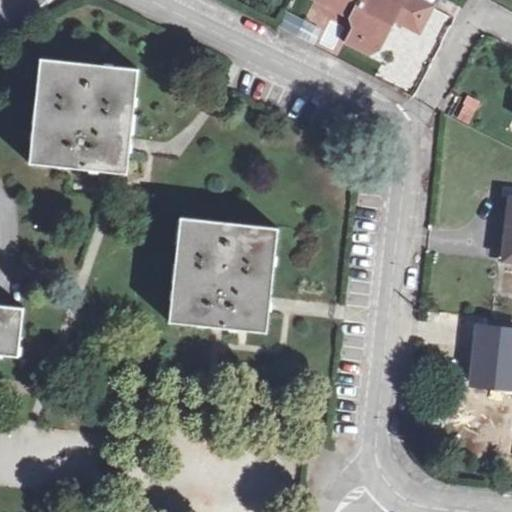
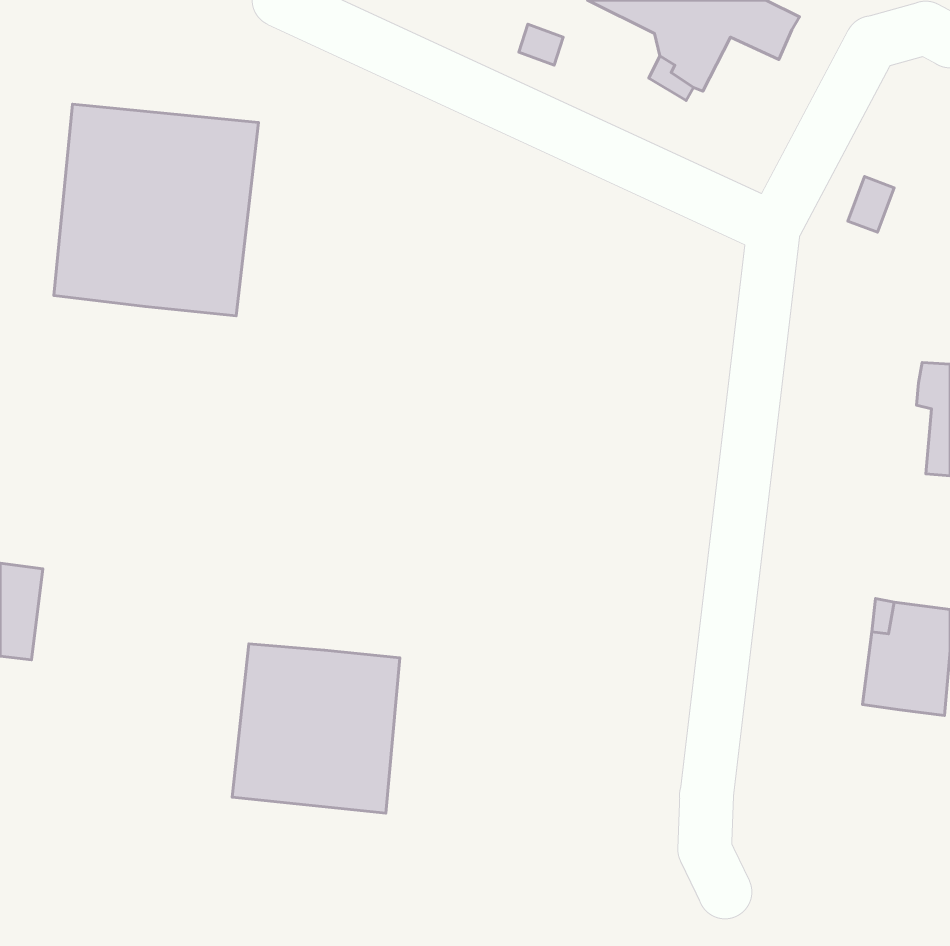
building: [166,218,276,332] -> none
building: none -> [232,644,400,813]

